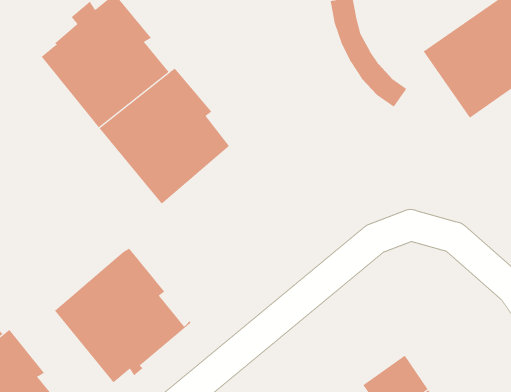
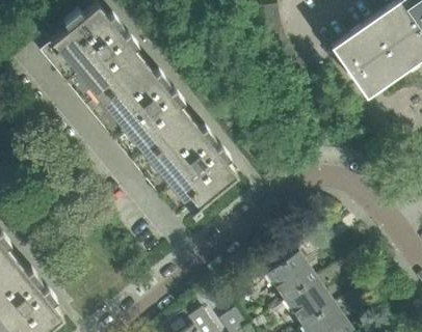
building: [54,248,191,383] -> [134,115,238,218]
building: none -> [257,239,319,300]

